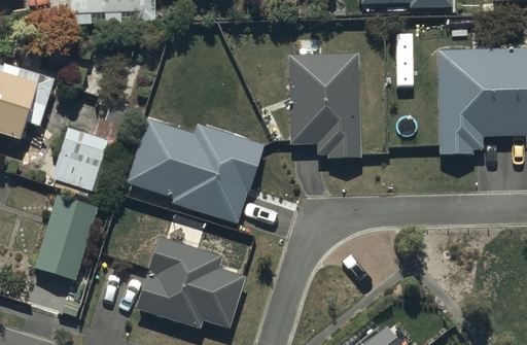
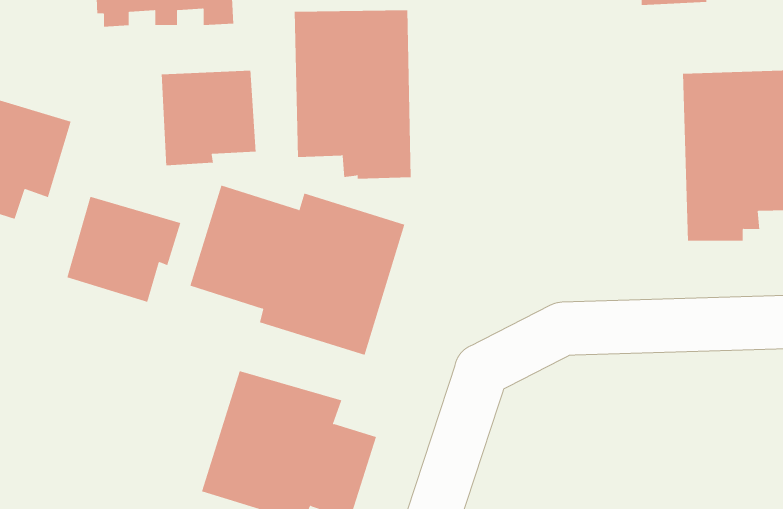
building: none -> [161,70,256,166]
building: [287,53,360,158] -> [294,10,412,179]
building: [34,194,98,280] -> none

